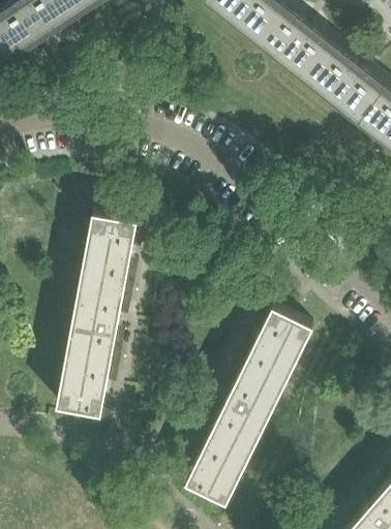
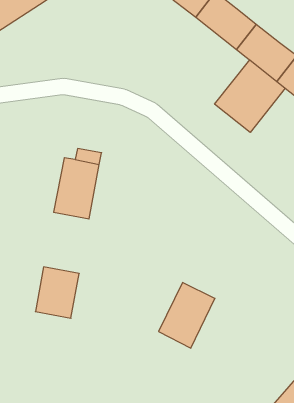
building: none -> [215,60,285,132]
building: [67,284,124,361] -> none
building: [241,309,312,392] -> none
building: [185,433,251,504] -> none

